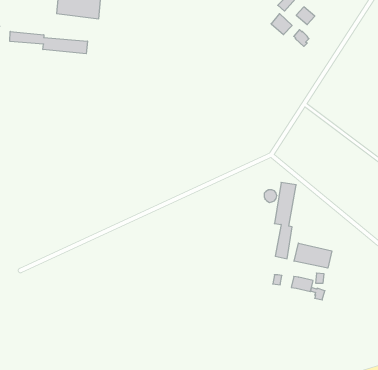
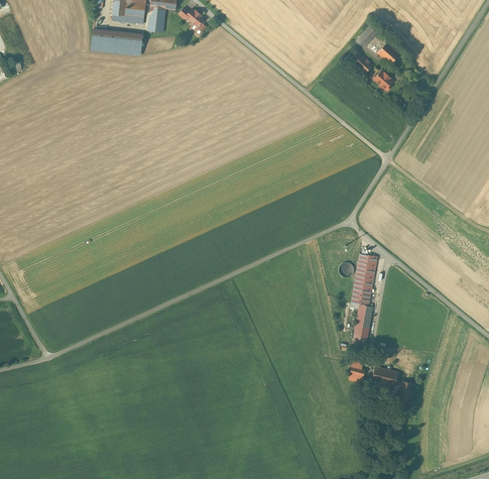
building: [10,31,87,54] -> none
building: [294,243,332,268] -> none

